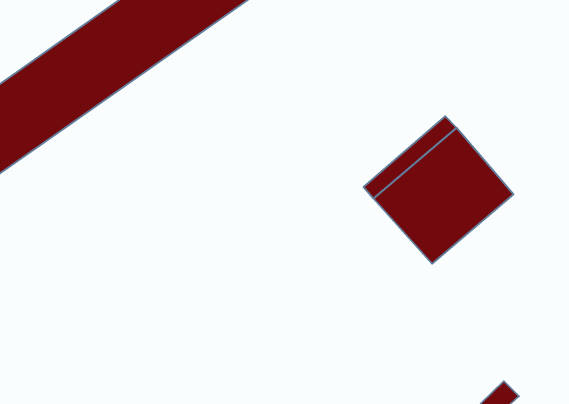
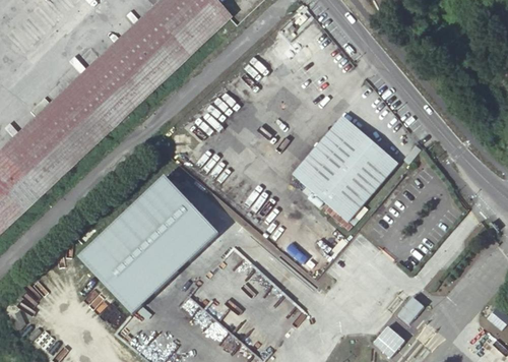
building: none -> [77,173,216,311]

